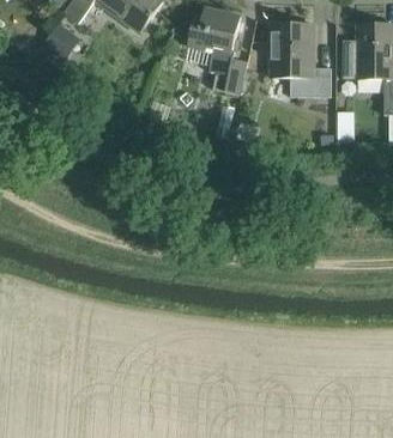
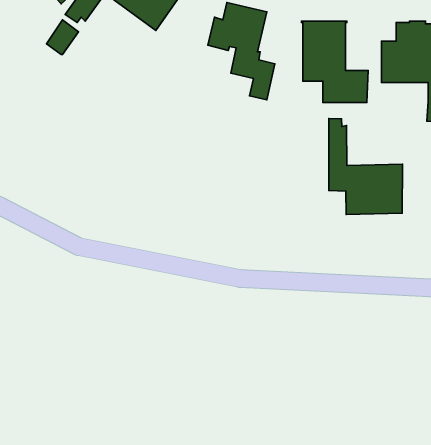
building: none -> [329,118,403,214]

